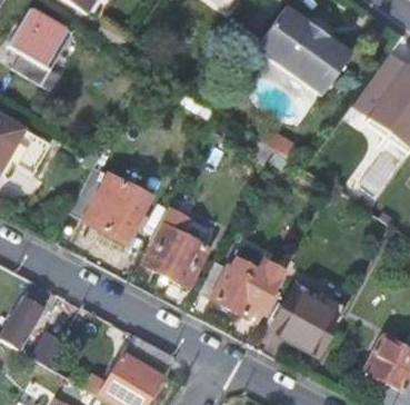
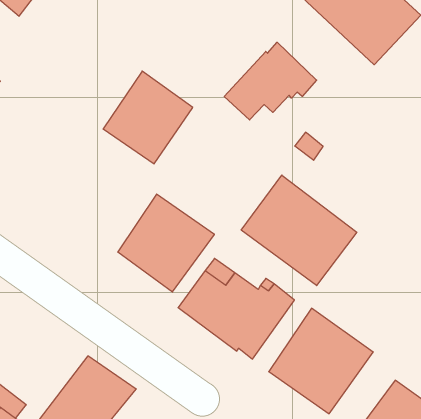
building: none -> [224,42,317,120]
building: [83,174,148,241] -> [103,71,193,164]
building: none -> [241,175,357,286]

